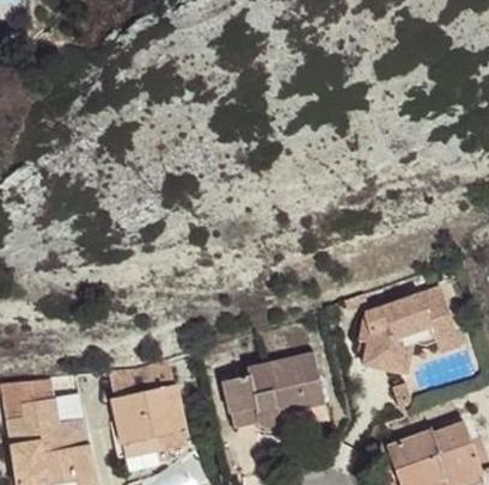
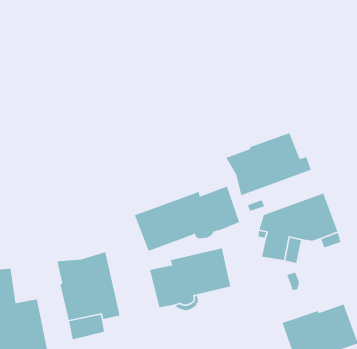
building: none -> [225,132,312,196]
building: none -> [134,186,240,252]

